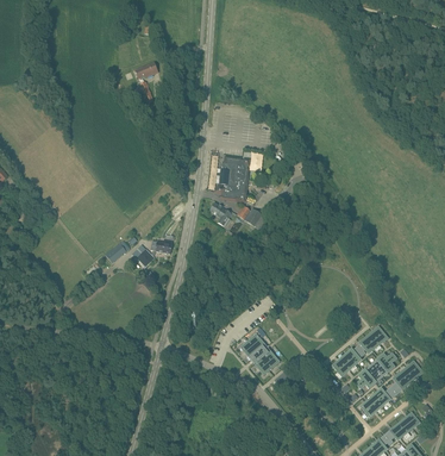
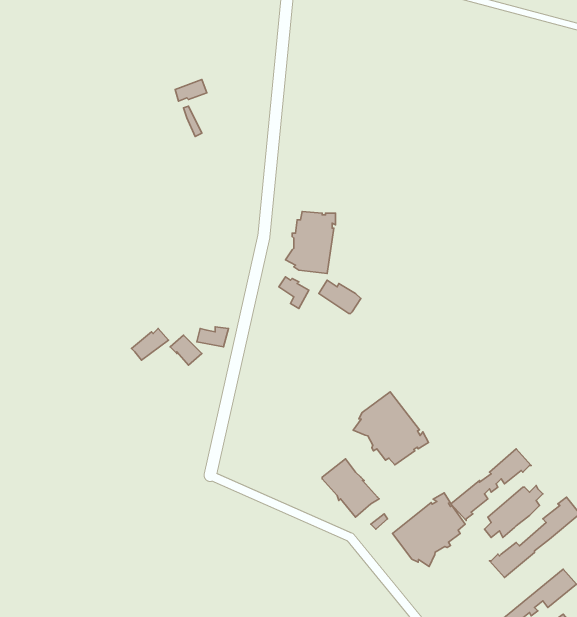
building: none -> [353,392,429,465]
building: none -> [393,493,465,567]

